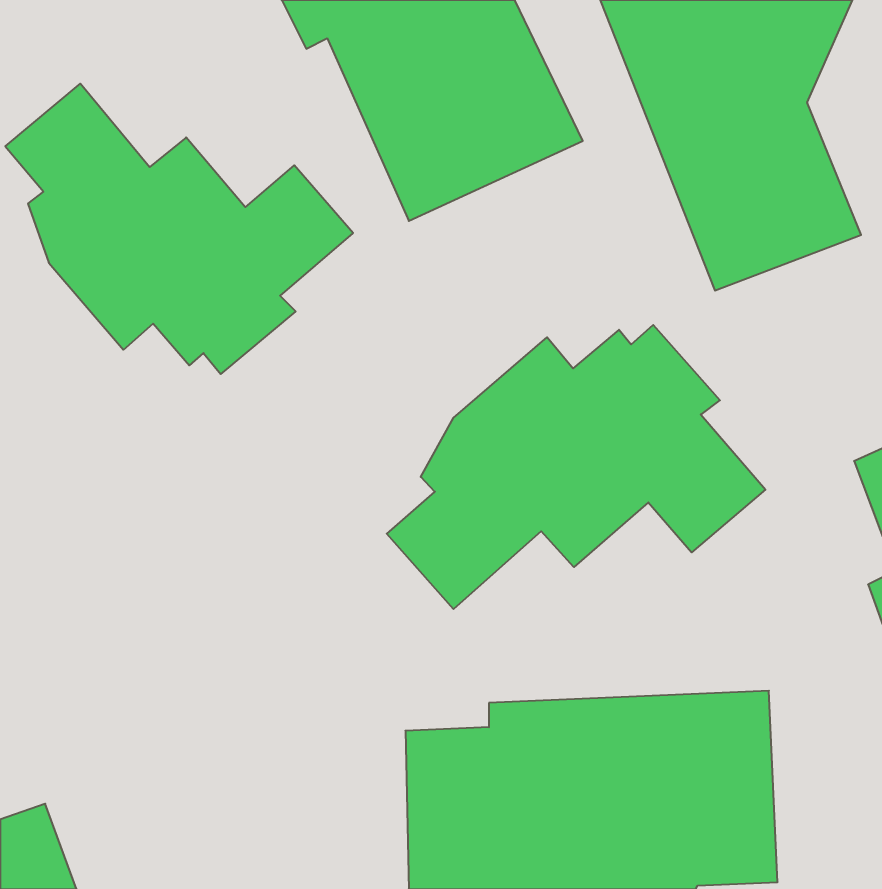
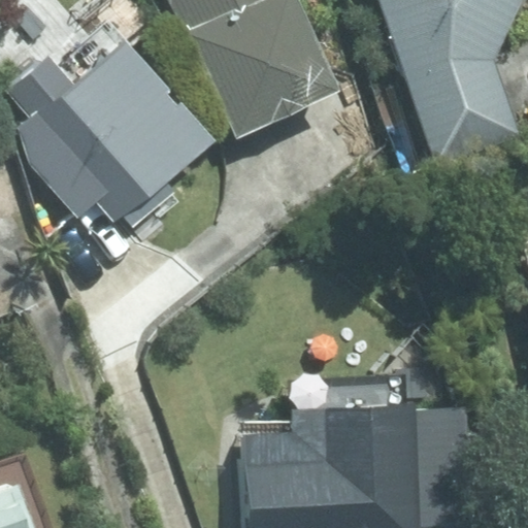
building: [387,325,765,609] -> none

